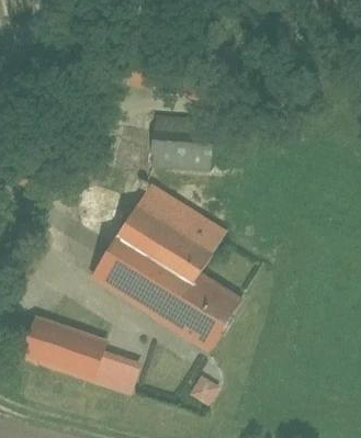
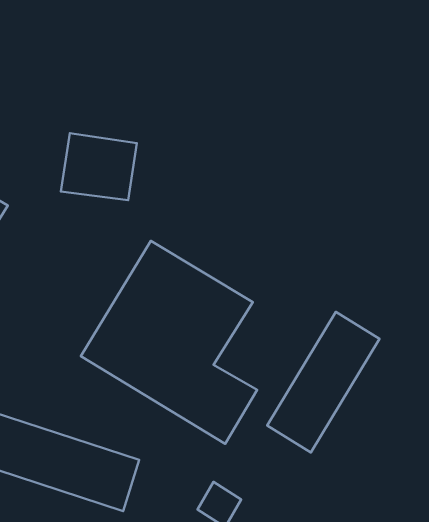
building: [151,113,208,164] -> [61,133,137,200]
building: none -> [267,312,380,453]

